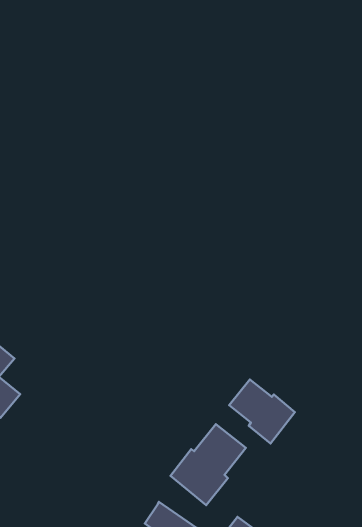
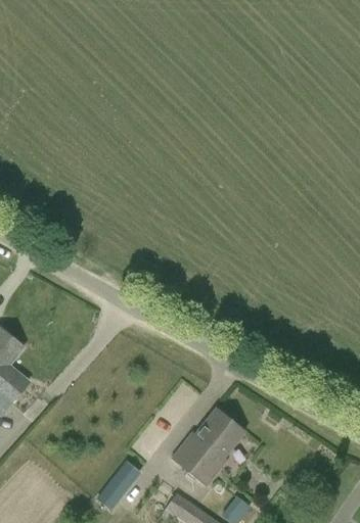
building: [229,379,295,443] -> none
building: none -> [104,463,141,502]

